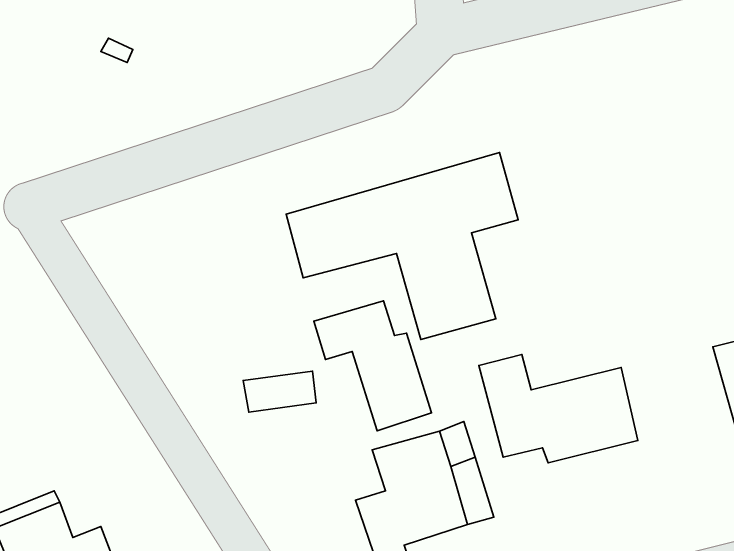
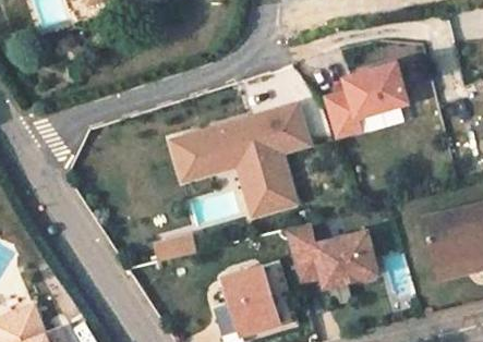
building: none -> [325,62,407,136]
building: [314,301,431,431] -> none

